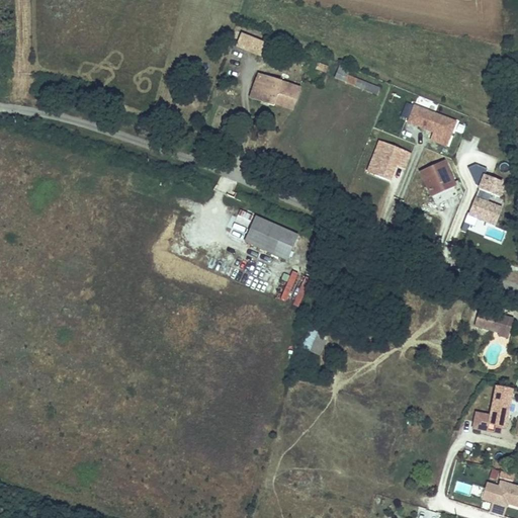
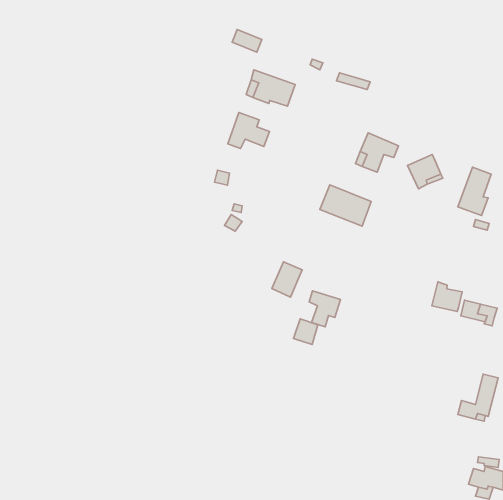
building: [407,101,454,142] -> none
building: none -> [228,113,269,149]
building: [244,221,296,263] -> [320,185,371,226]
building: none -> [432,282,462,312]
building: none -> [309,291,341,327]

